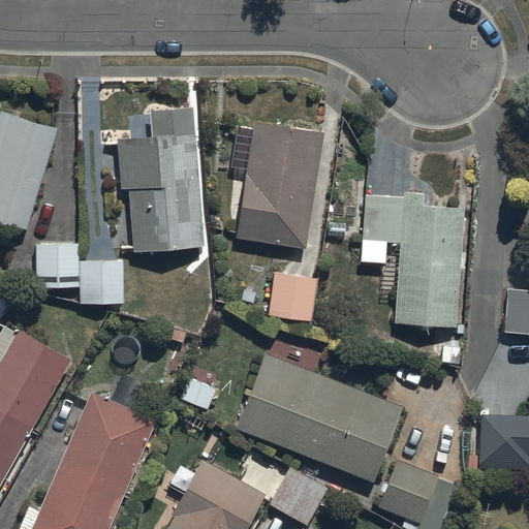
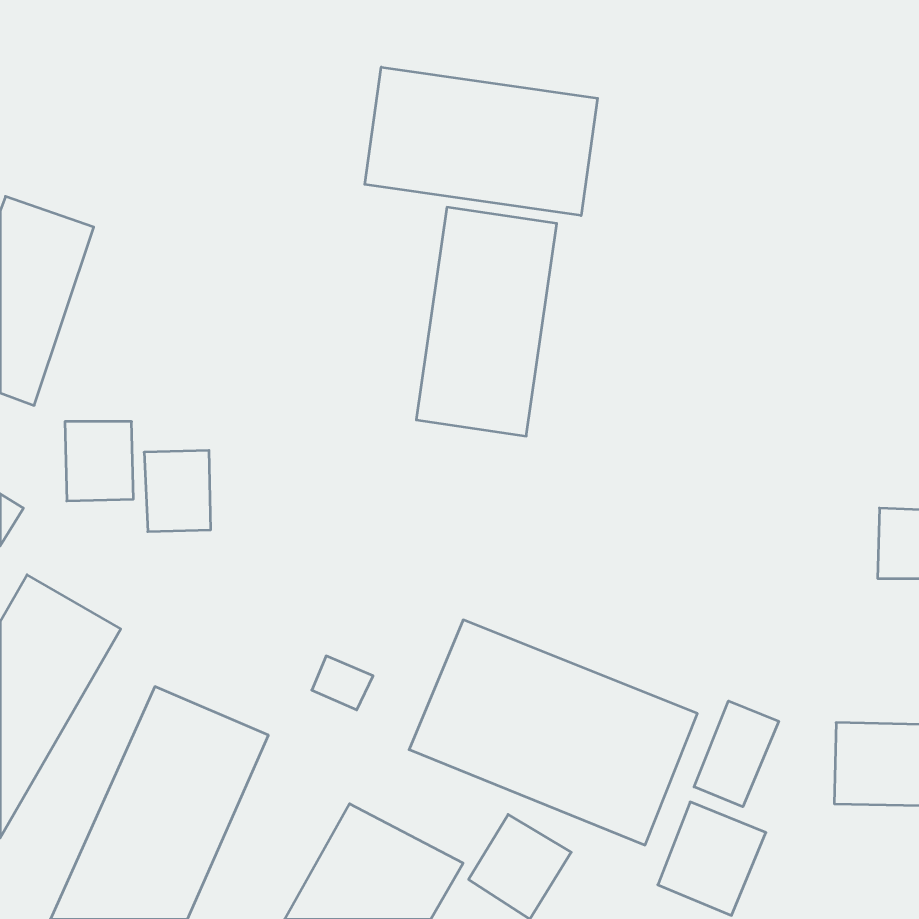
building: none -> [365,67,598,216]
building: [120,104,207,255] -> none
building: [360,191,465,331] -> none
building: [269,273,317,323] -> none
building: none -> [694,701,779,807]

